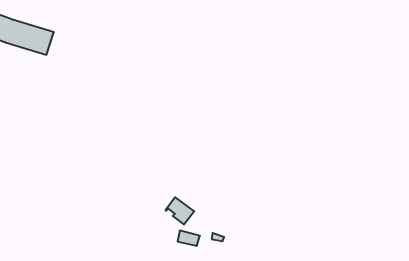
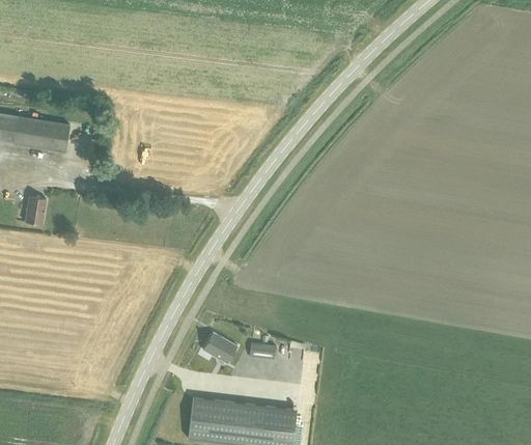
building: none -> [25,196,46,224]
building: [166,197,194,224] -> [203,332,237,363]

